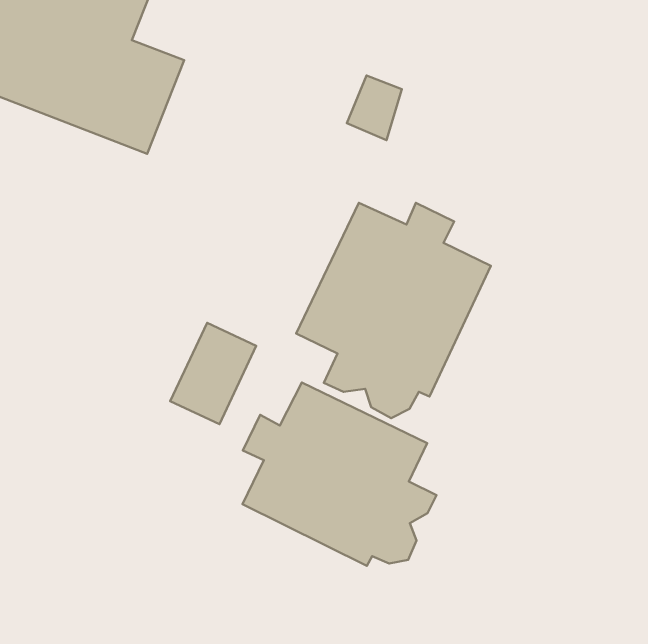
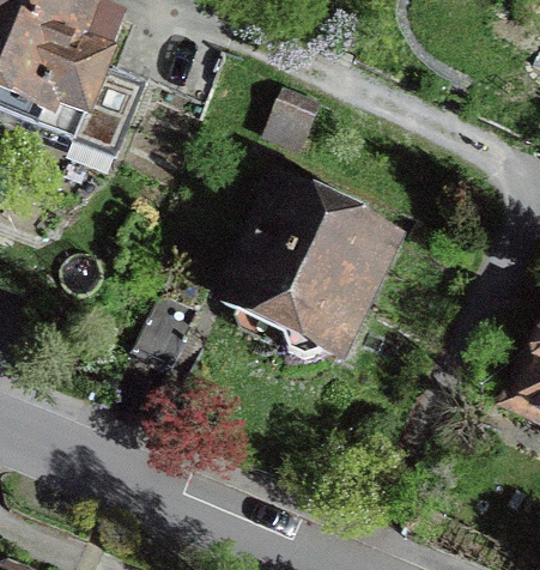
building: [243,383,437,566] -> none

